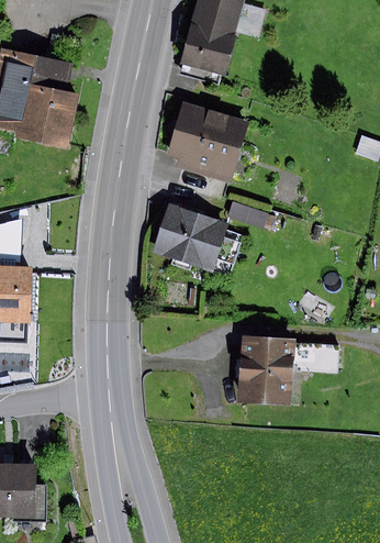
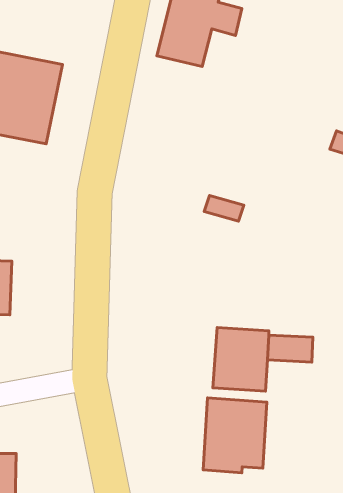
building: [168,100,250,182] -> none
building: [154,203,228,270] -> none
building: none -> [203,398,267,473]

